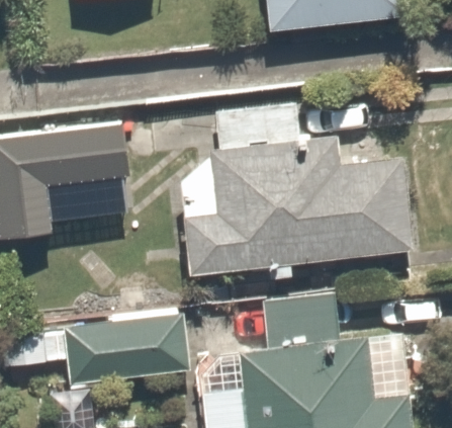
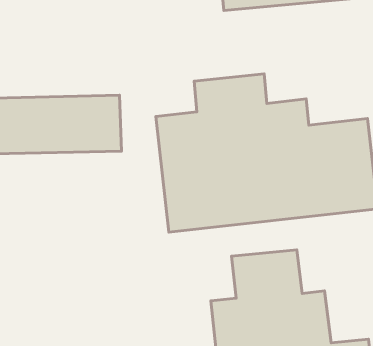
building: [60,322,160,379] -> none

